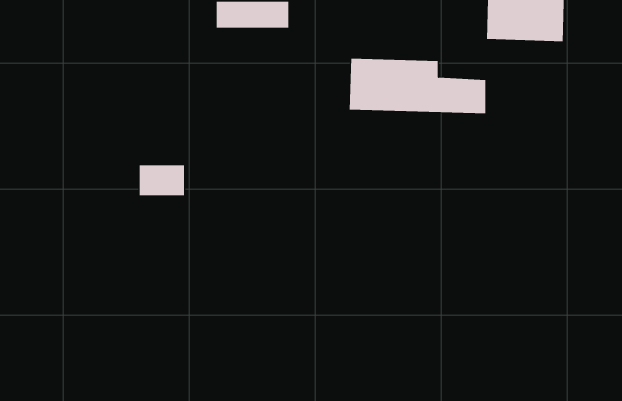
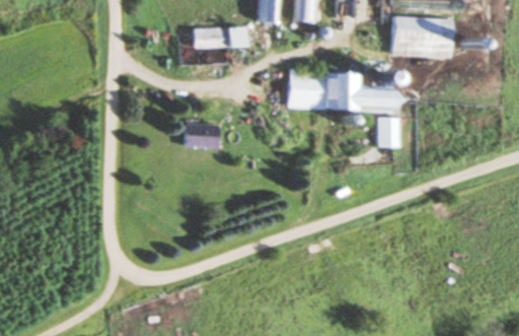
building: none -> [377,118,396,146]
building: [139,165,185,196] -> [184,124,219,147]

